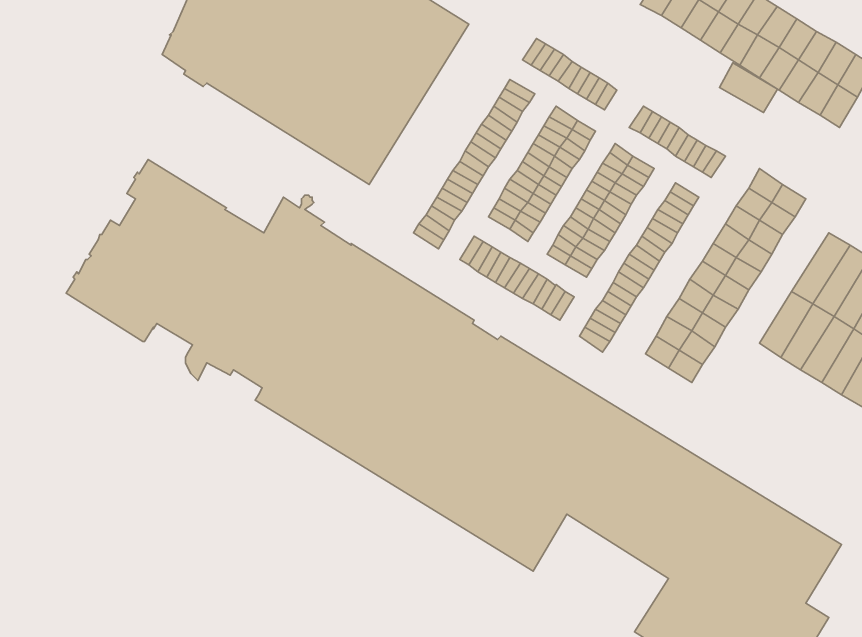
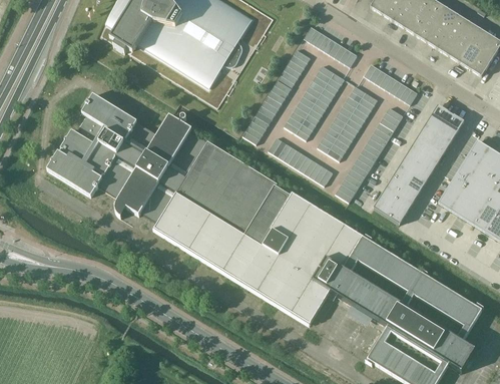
building: [719,63,777,112] -> none

